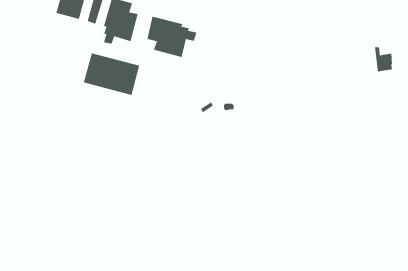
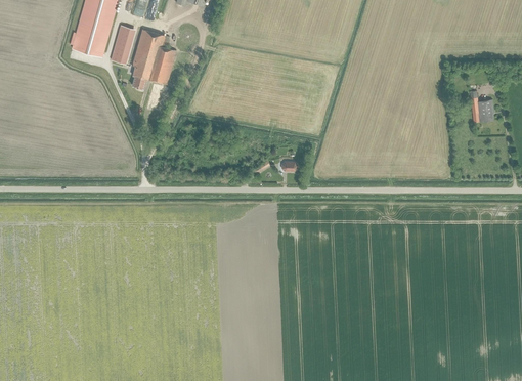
building: [147,16,197,58] -> none
building: [83,52,140,96] -> none

